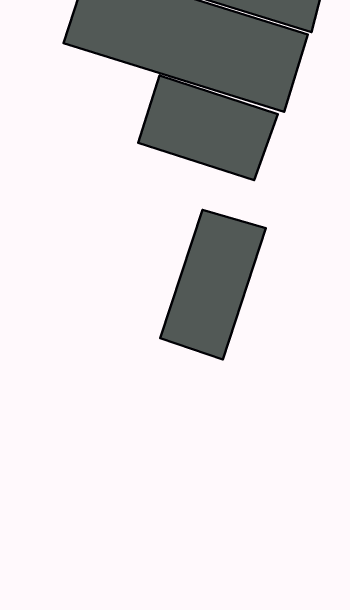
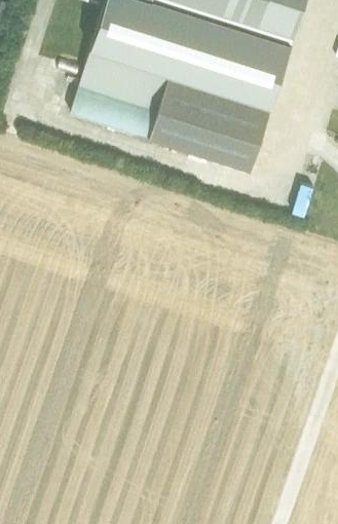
building: none -> [72,58,162,137]
building: [160,210,266,360] -> none

